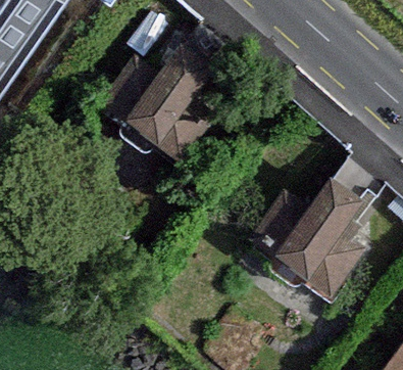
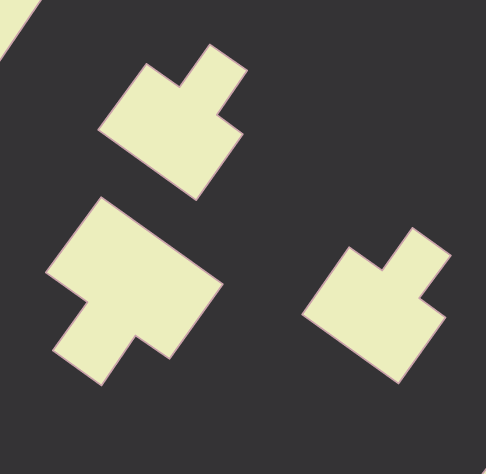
building: none -> [46,197,223,385]

